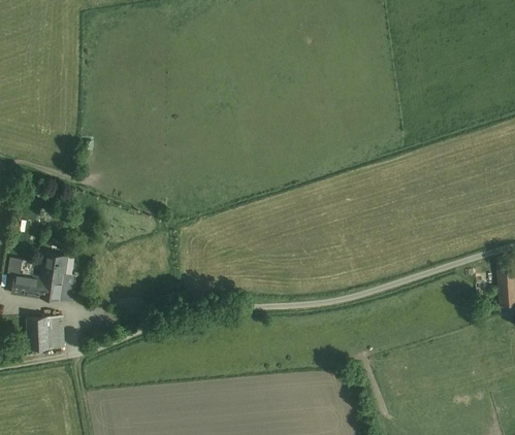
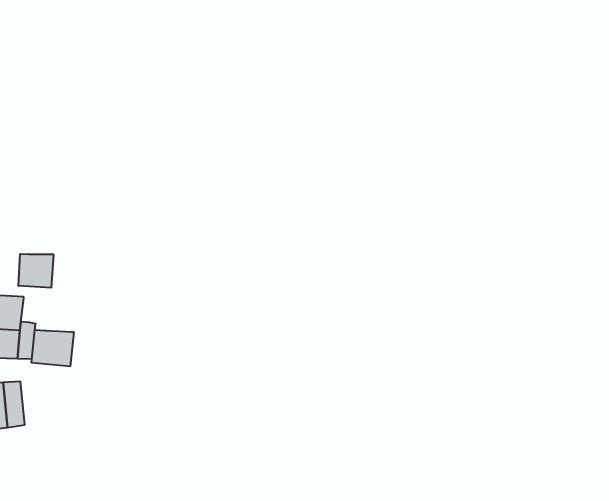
building: none -> [18,254,53,288]
building: none -> [32,330,74,366]

